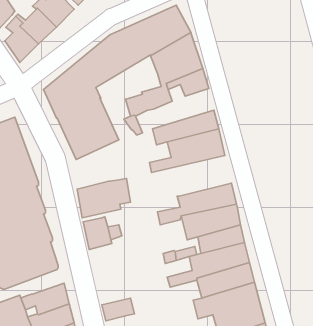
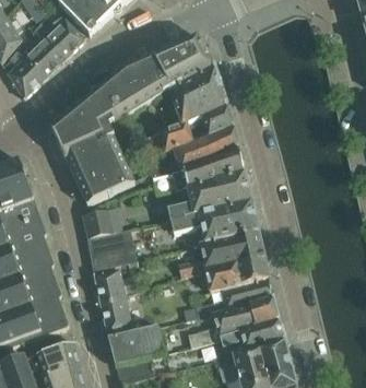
building: none -> [168,125,238,171]
building: none -> [169,199,258,244]
building: none -> [82,203,122,236]
building: none -> [101,296,132,332]
building: none -> [108,325,164,364]

